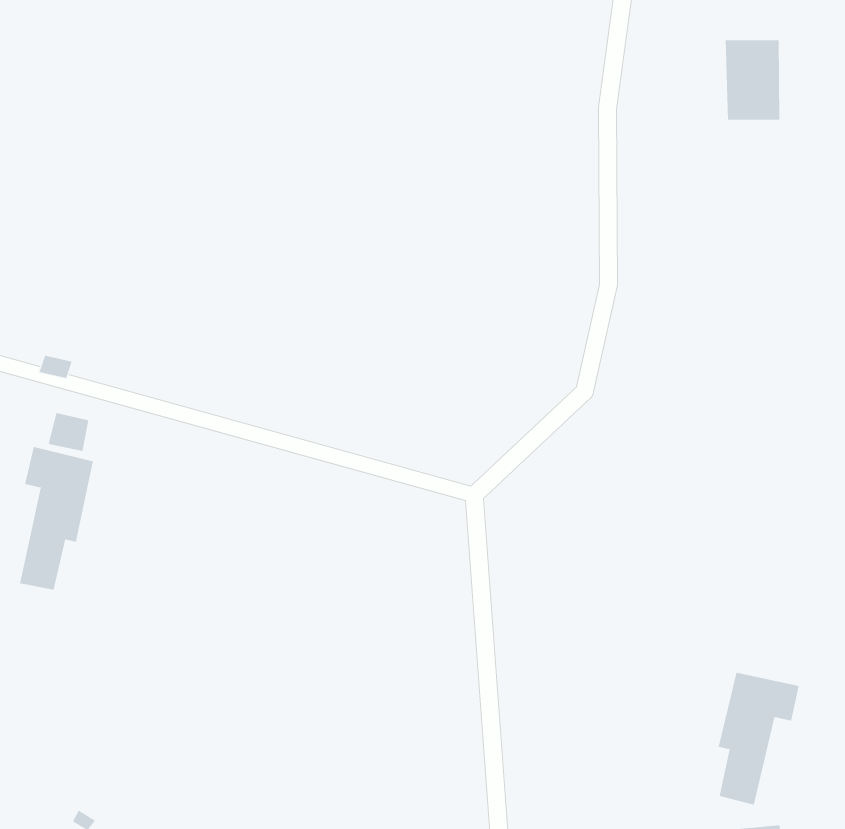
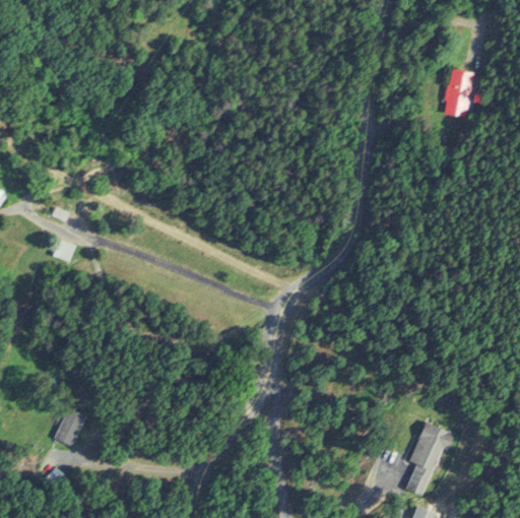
building: [19,446,93,590] -> none
building: none -> [53,407,86,448]

